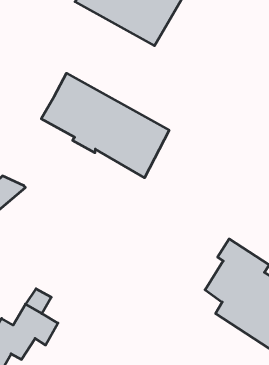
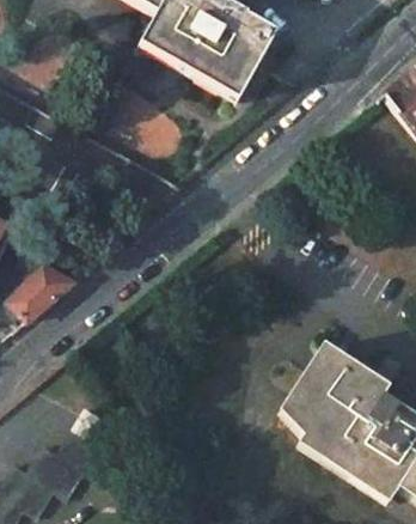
building: [41,73,169,178] -> none

